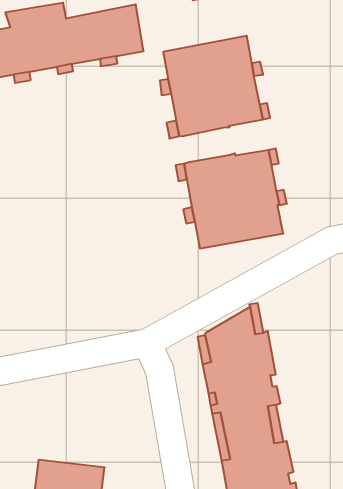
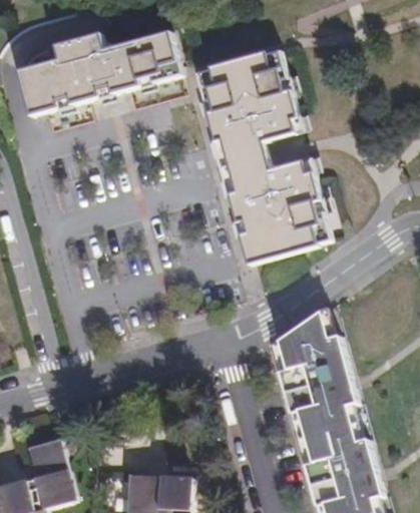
building: none -> [230,140,275,176]

